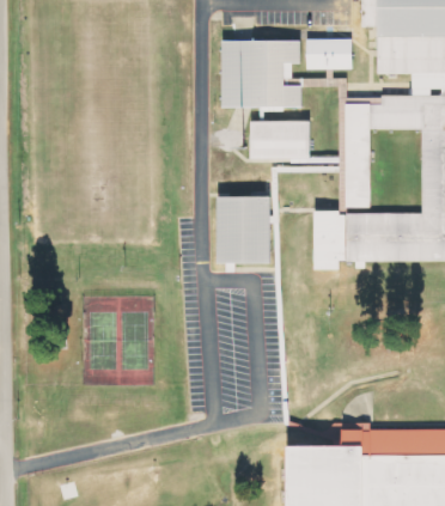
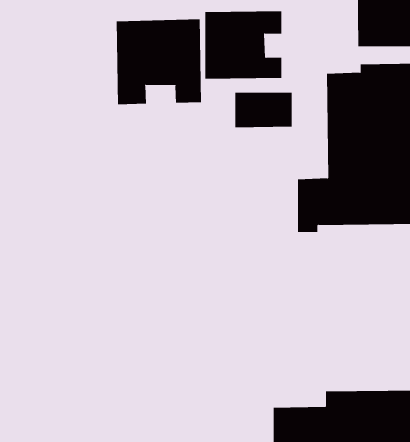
building: [306,39,350,71] -> none
building: none -> [116,18,202,105]
building: [218,196,272,263] -> none

